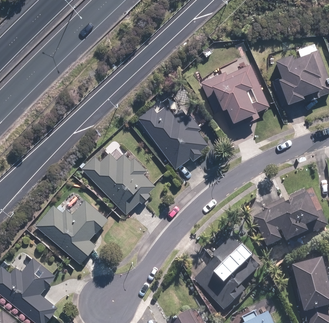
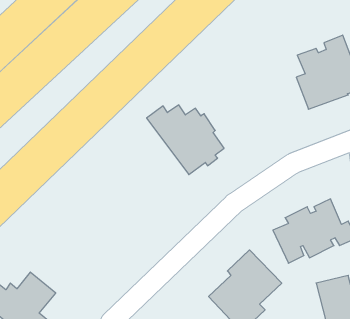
building: [201,62,269,121] -> none
building: [82,151,156,212] -> none
building: [36,197,108,261] -> none

